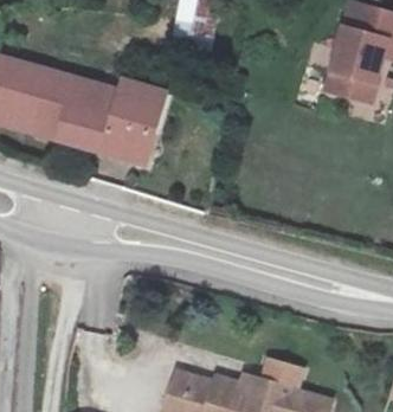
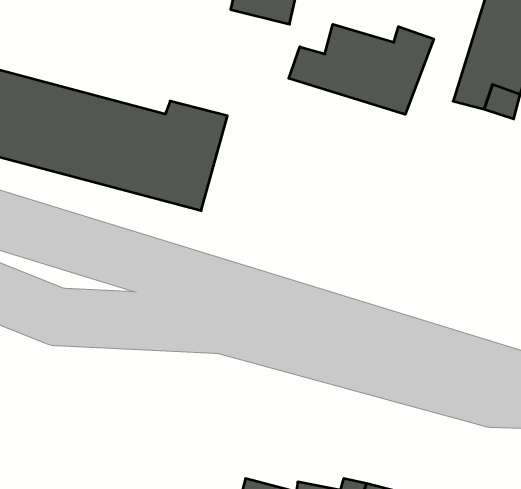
building: none -> [289,24,434,114]

